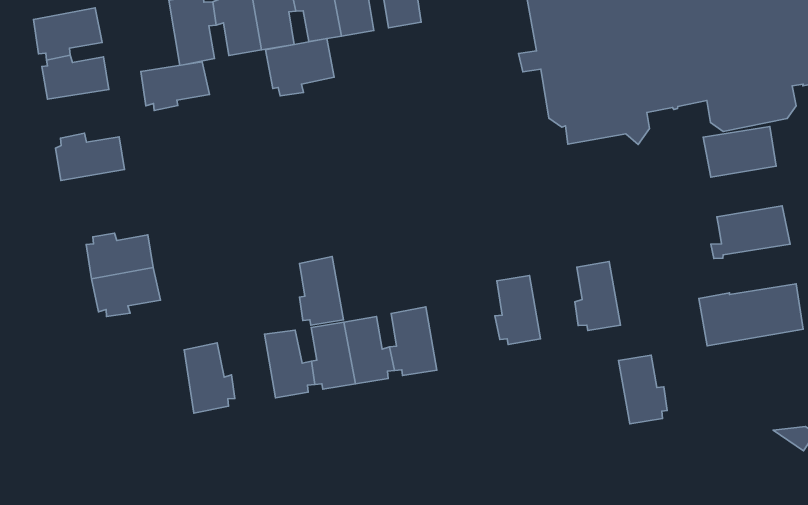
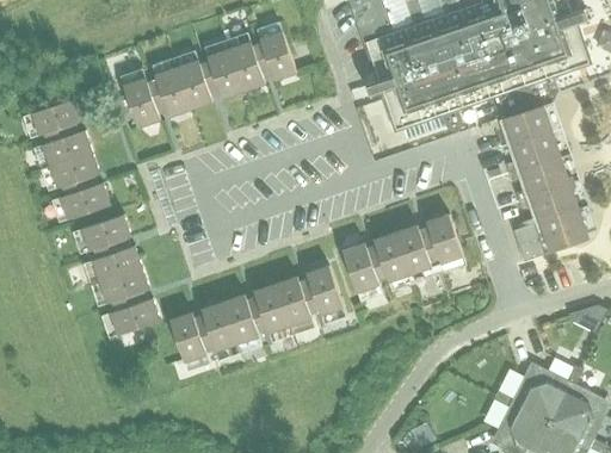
building: [265,39,334,96] -> none
building: [141,62,209,111] -> [51,151,100,190]
building: none -> [507,132,560,182]
building: none -> [82,213,130,253]
building: none -> [519,184,578,224]
building: [299,256,343,325] -> [202,300,237,349]
building: none -> [342,243,383,293]
building: none -> [111,298,160,335]
building: [619,355,667,424] -> [396,225,434,274]

